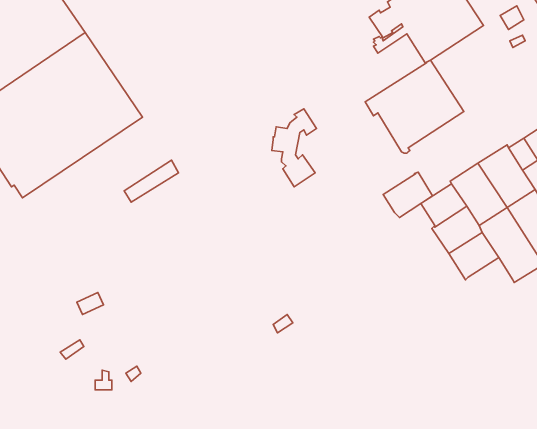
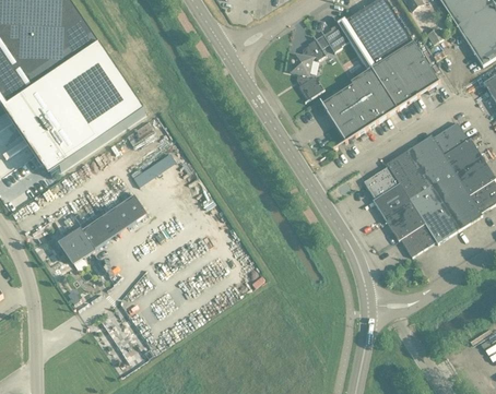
building: none -> [371,40,440,108]
building: [272,109,316,187] -> [291,38,326,99]
building: [383,172,432,217] -> none
building: none -> [61,194,147,263]
building: none -> [401,223,436,256]

